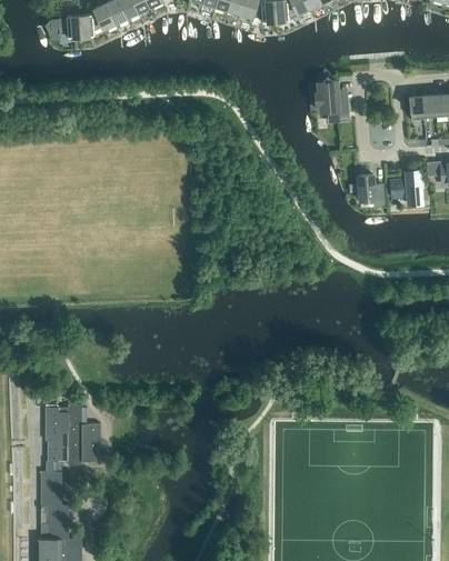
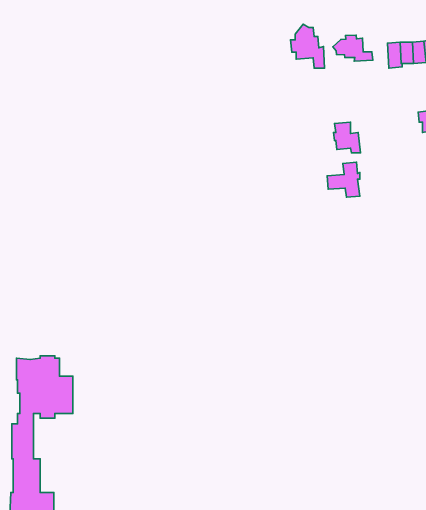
building: none -> [333,35,373,61]
building: [390,170,422,204] -> [327,162,360,197]

